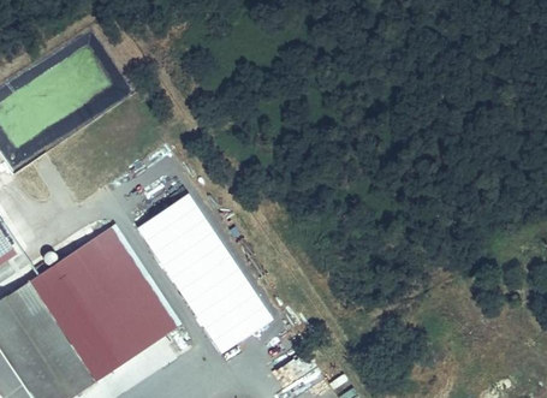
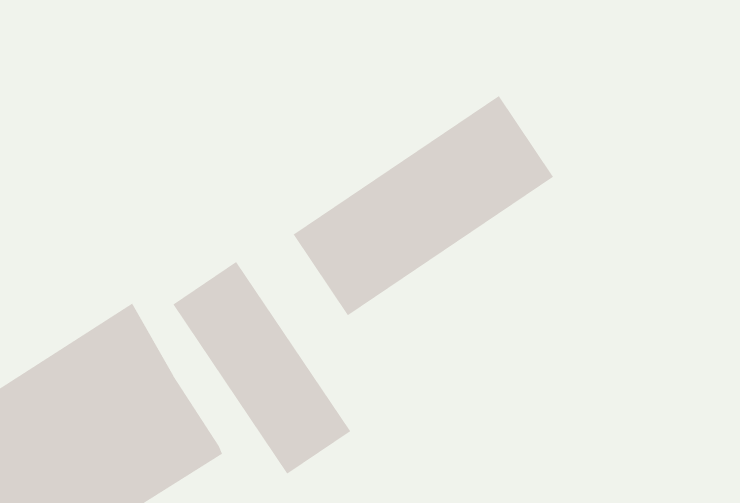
building: none -> [293,95,554,316]

